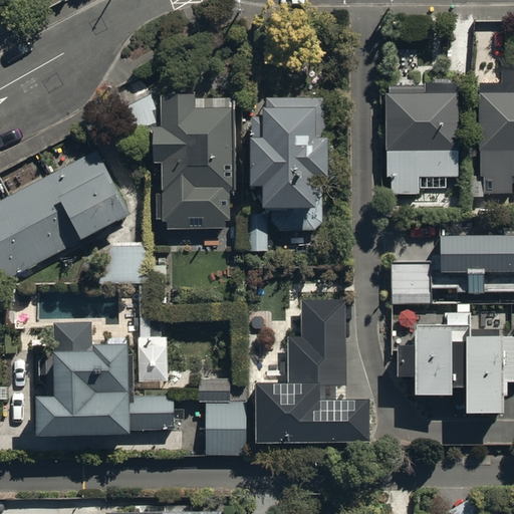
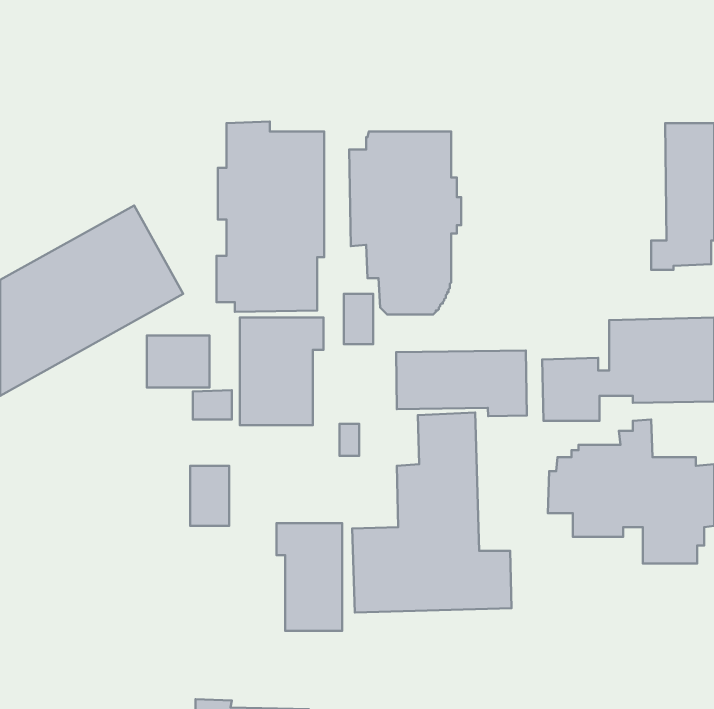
building: [384,83,456,193] -> none
building: none -> [240,318,323,425]
building: none -> [396,350,527,416]
building: [34,323,172,432] -> none

